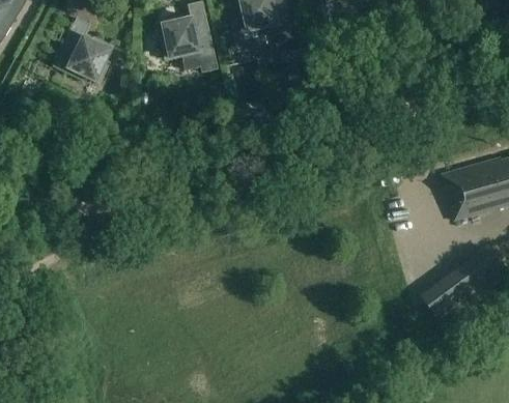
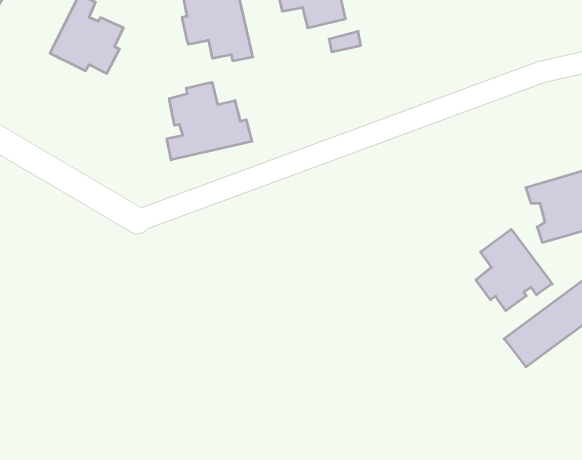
building: none -> [167,82,252,160]
building: none -> [476,229,552,311]

